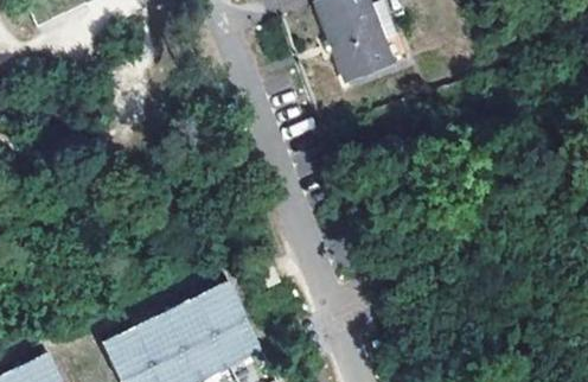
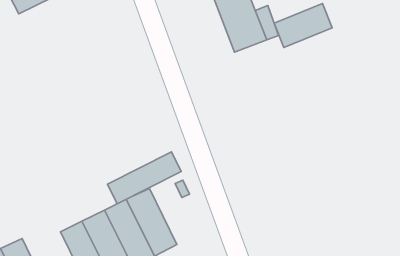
building: none -> [274,4,332,47]
building: none -> [107,152,181,204]

